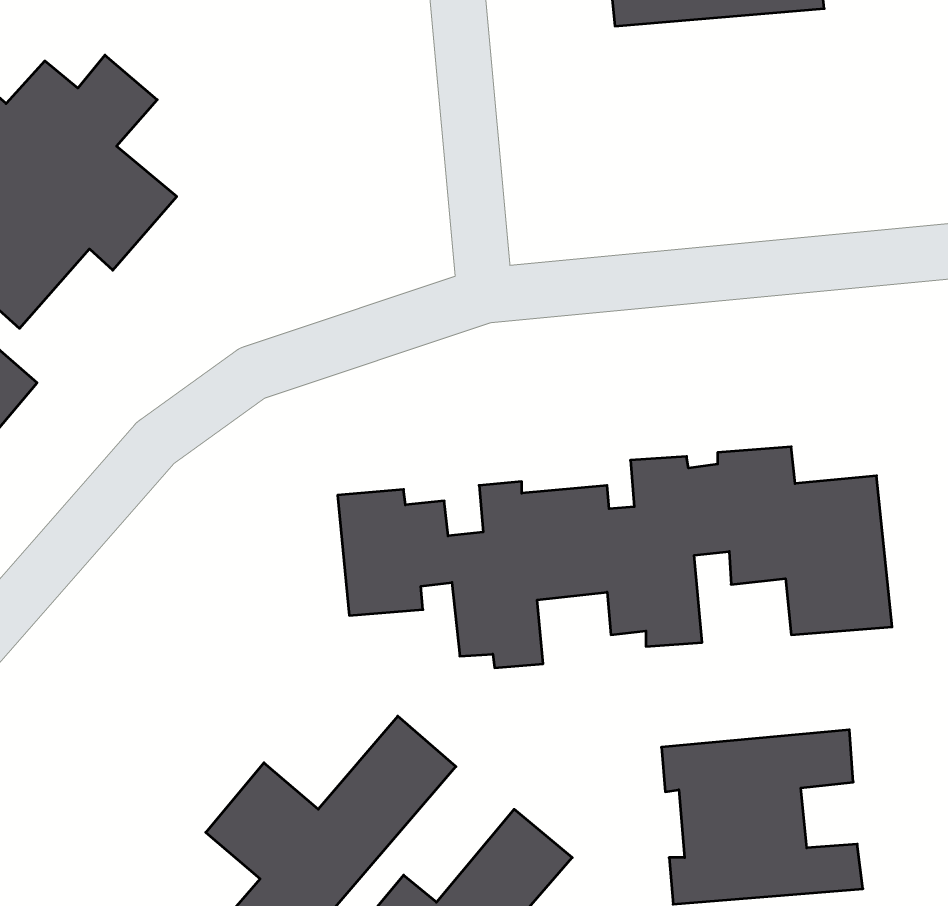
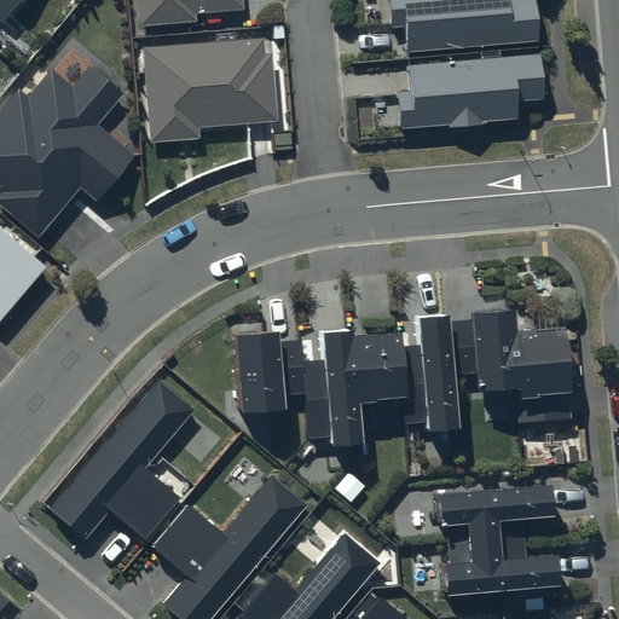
building: none -> [141,37,278,144]
building: none -> [397,50,543,123]
building: none -> [48,382,192,543]

